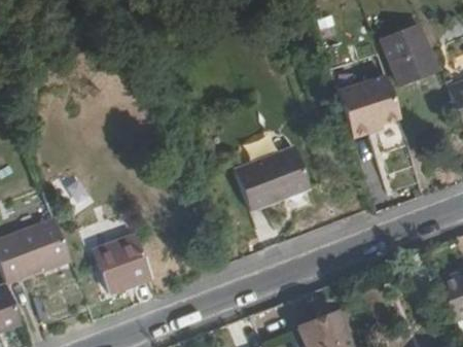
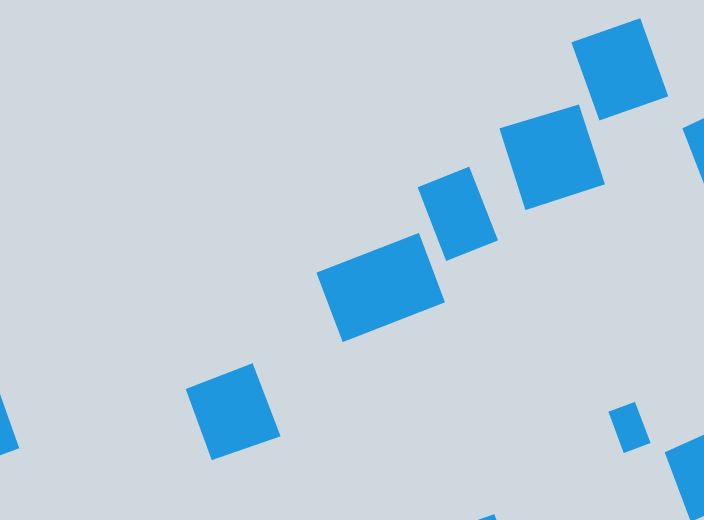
building: none -> [417,166,499,262]
building: [92,233,148,290] -> [185,362,281,461]

